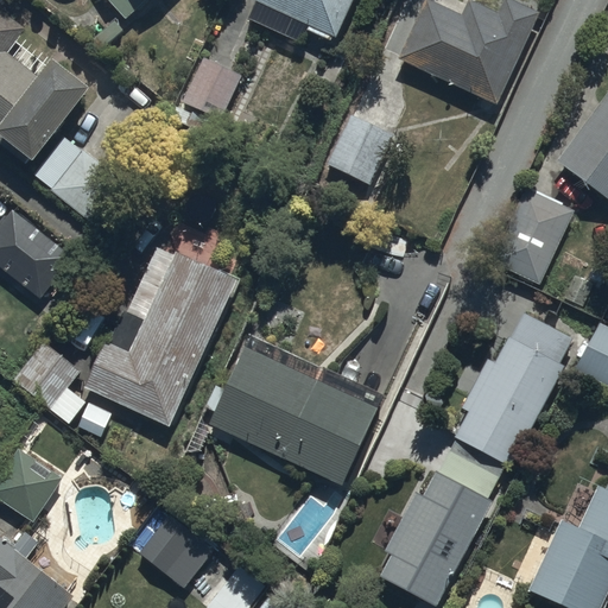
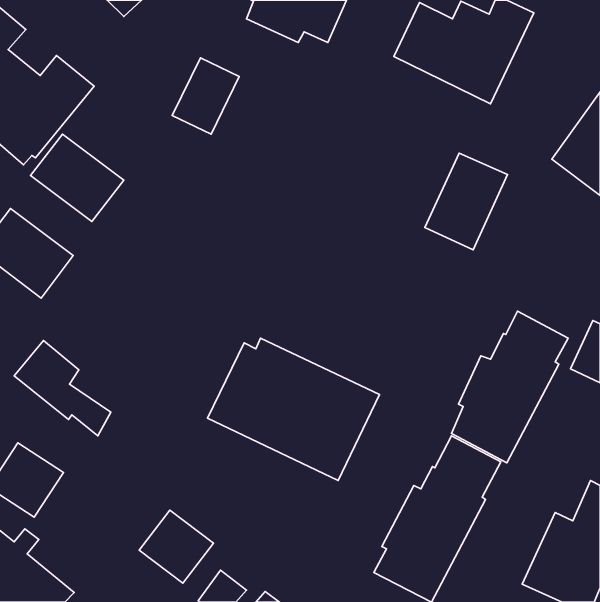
building: [325,114,390,183] -> none
building: [489,189,572,286] -> [425,153,507,250]
building: [83,248,240,429] -> none

